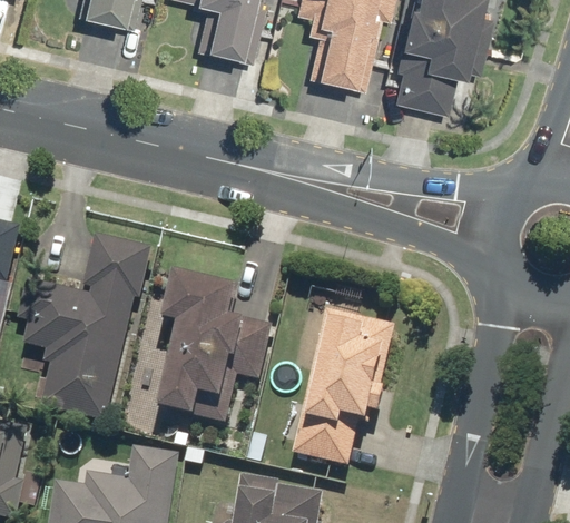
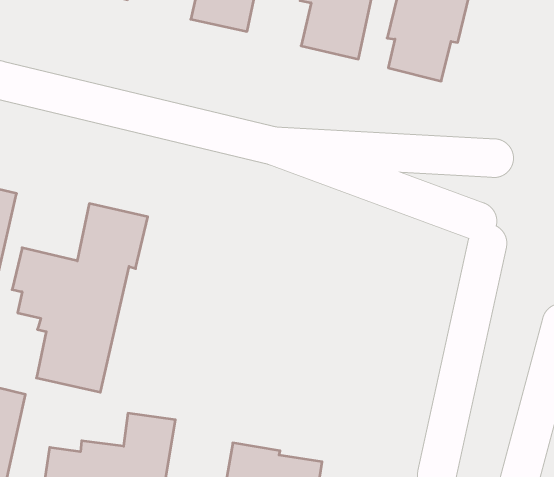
building: [154,270,272,425] -> none
building: [291,307,395,466] -> none

